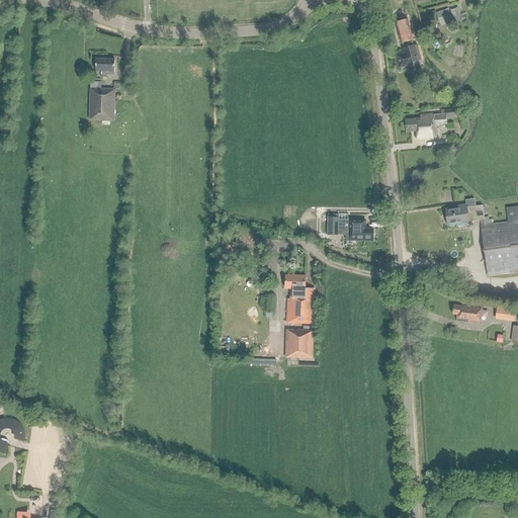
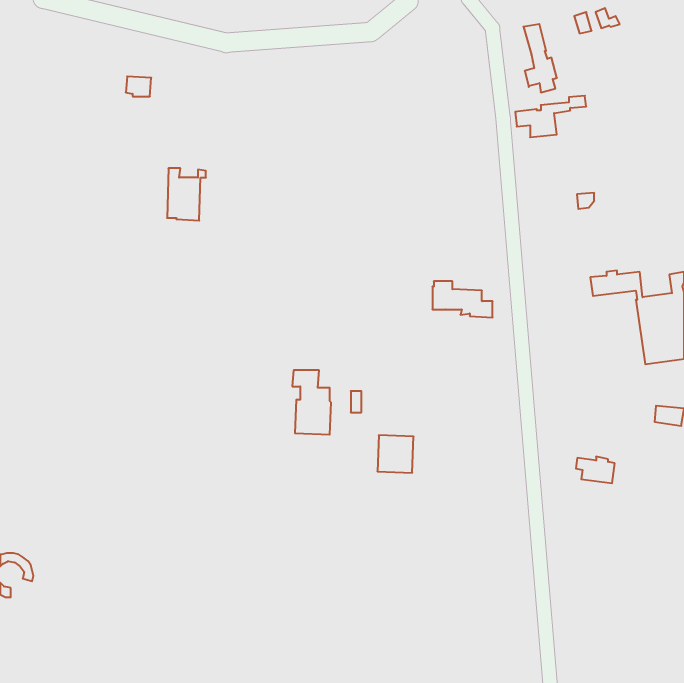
building: [89,81,118,120] -> [167,168,206,221]
building: [405,108,458,140] -> [515,96,586,137]
building: [284,275,314,324] -> [292,370,331,435]
building: [452,304,482,324] -> [576,457,615,483]

